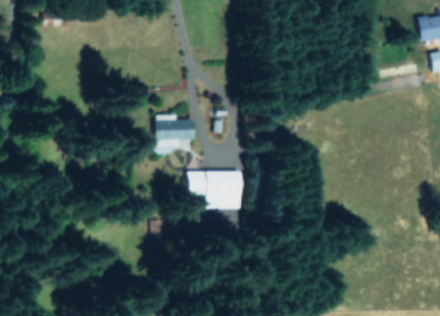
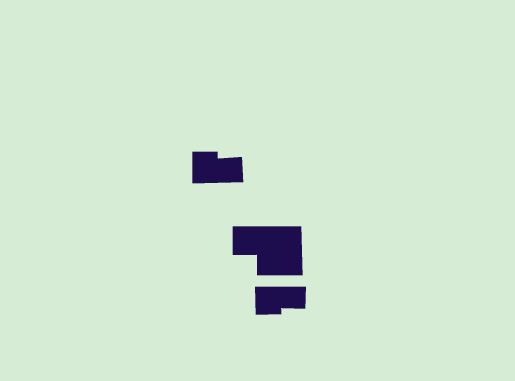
building: none -> [254,286,306,316]

